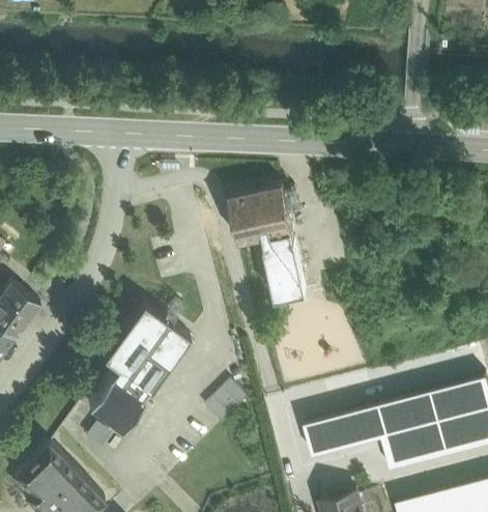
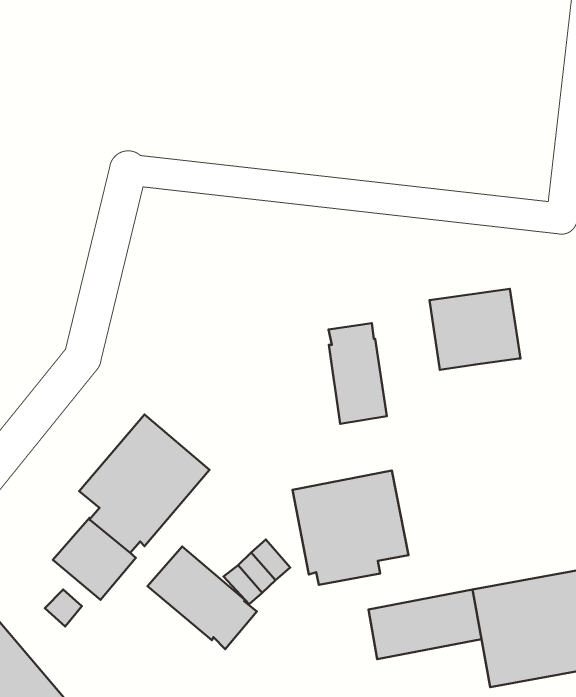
building: [229,183,293,241] -> [429,289,520,370]
building: none -> [293,471,408,585]
building: none -> [148,546,257,649]

